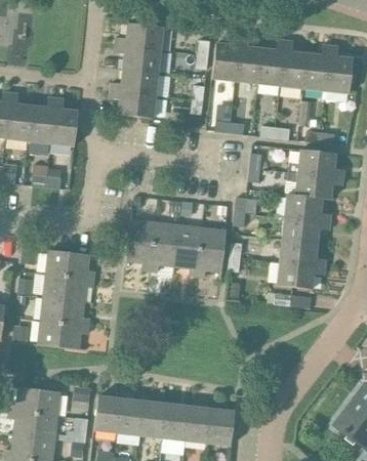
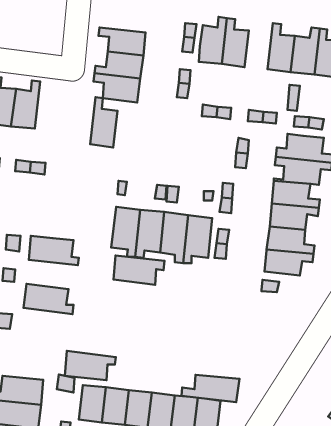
building: [115,23,163,49] -> none
building: [257,39,285,85] -> none
building: [51,97,78,146] -> [90,97,117,147]
building: [43,273,93,301] -> [113,256,165,285]
building: [38,320,88,348] -> [65,351,116,380]
building: none -> [181,375,239,402]

